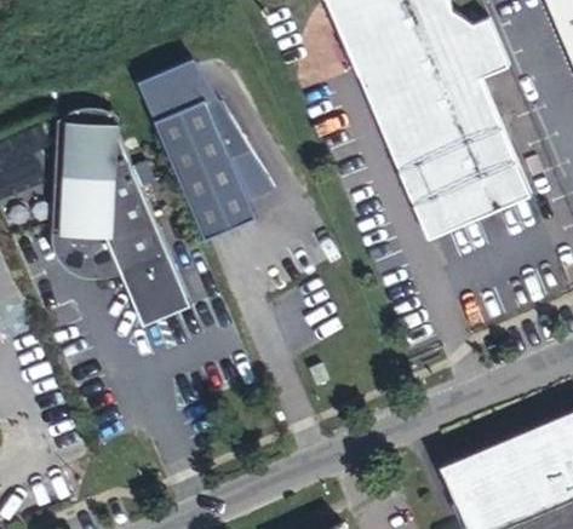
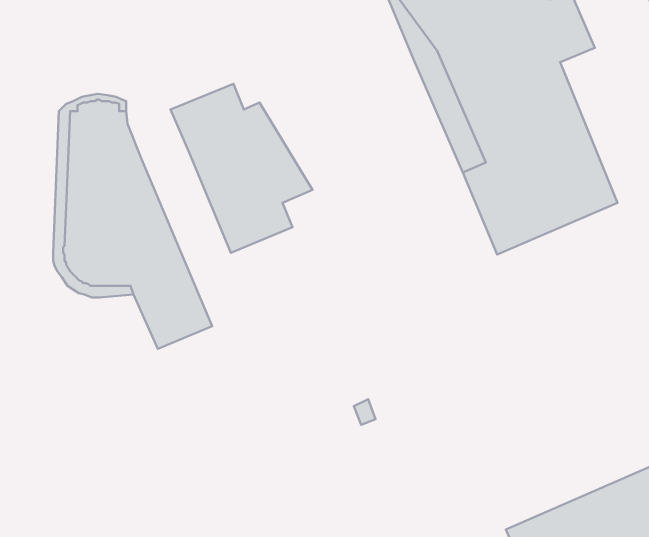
building: [137,56,228,117] -> none

